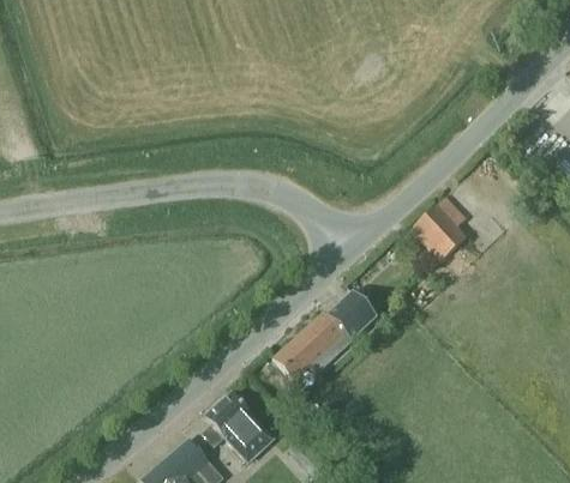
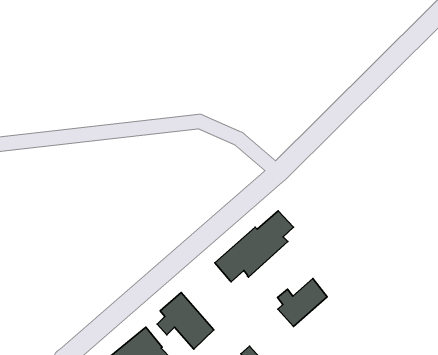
building: [412,205,466,260] -> none
building: none -> [278,279,327,327]

